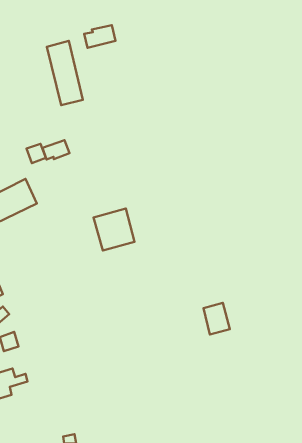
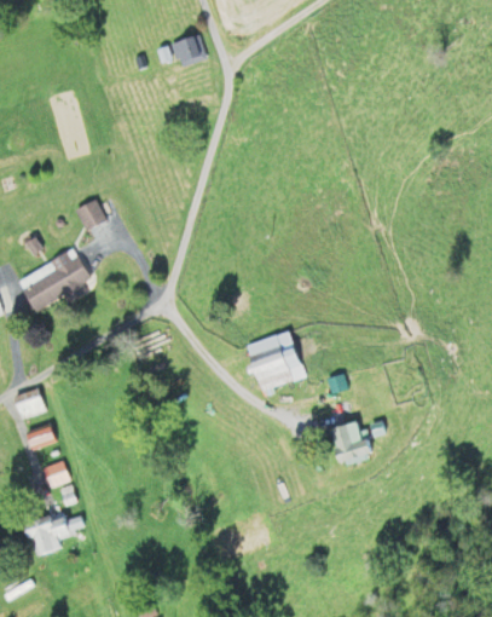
building: [47,41,83,105] -> none
building: [43,140,70,160] -> none
building: [93,209,134,251] -> [244,333,301,391]

